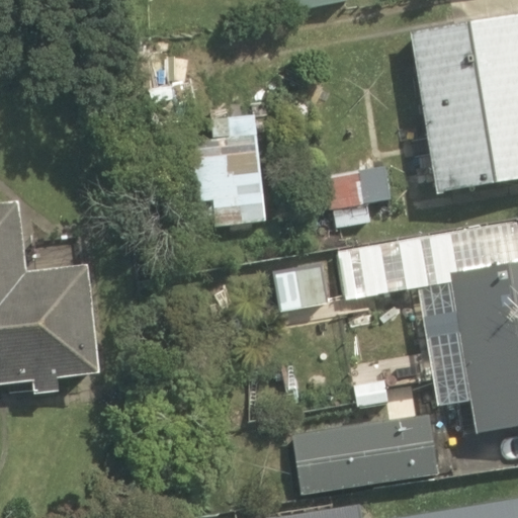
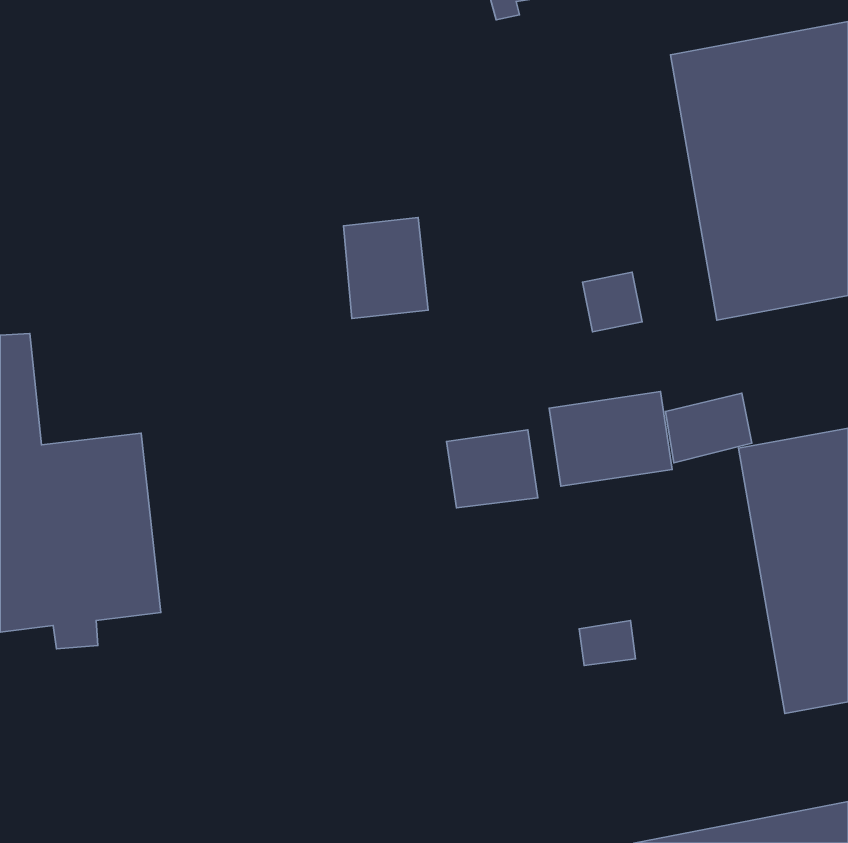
building: [290,414,434,492] -> none

